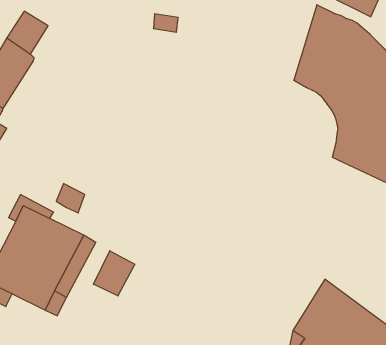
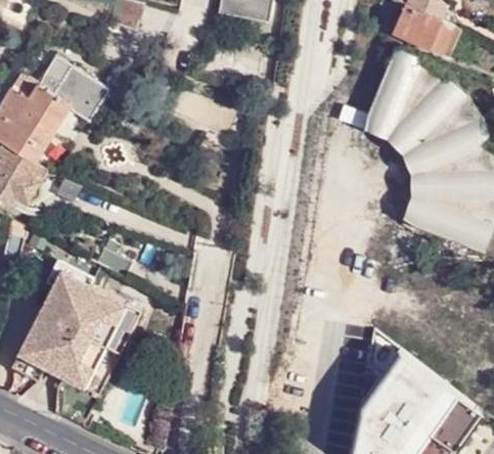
building: none -> [68,69,110,119]
building: [93,251,135,296] -> none

